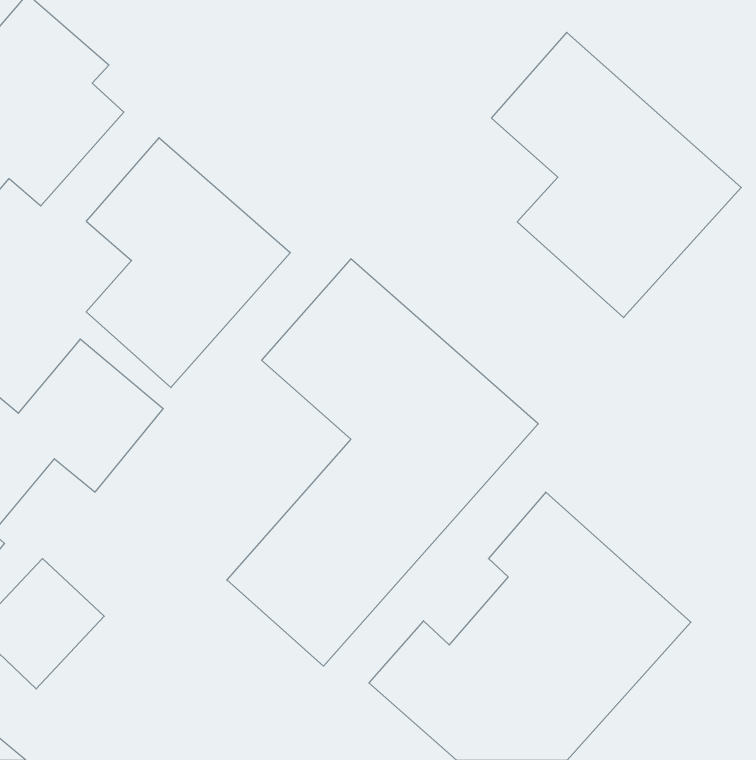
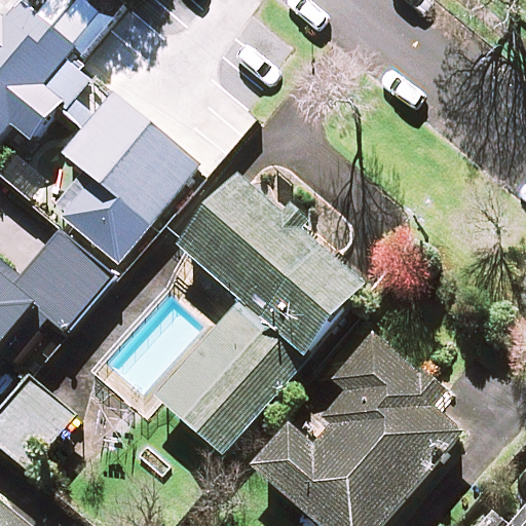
building: [492,32,741,318] -> none

